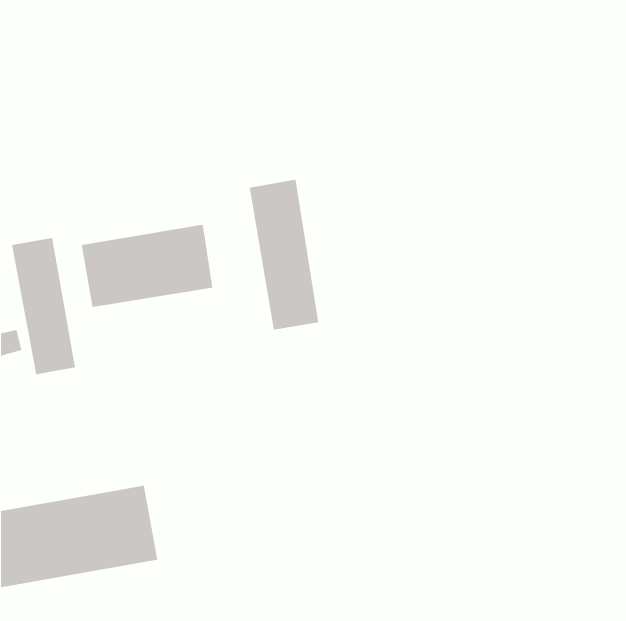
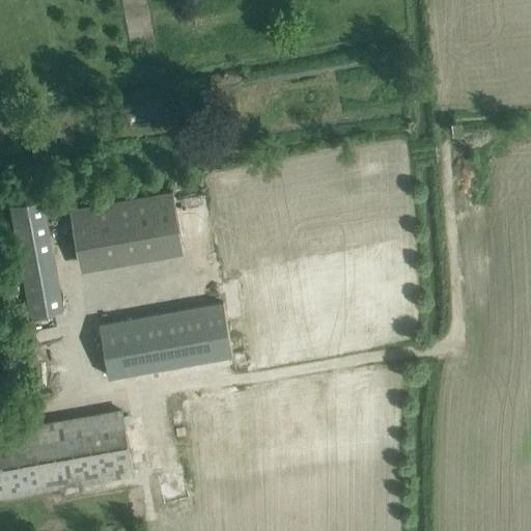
building: [249,179,319,331] -> none
building: none -> [97,305,231,381]

